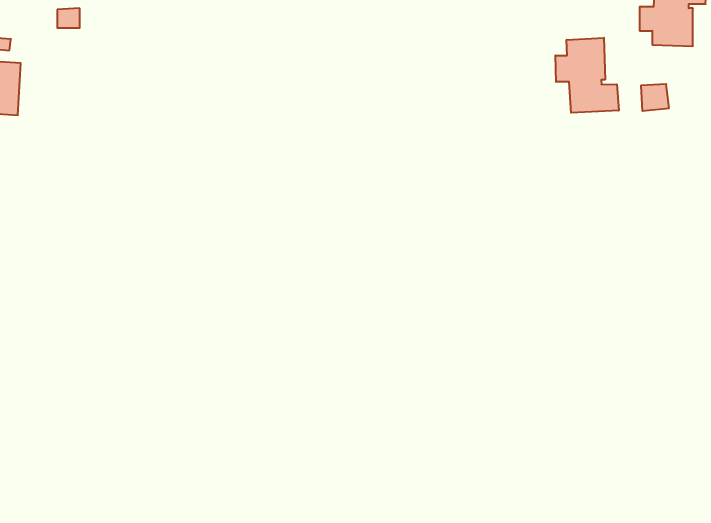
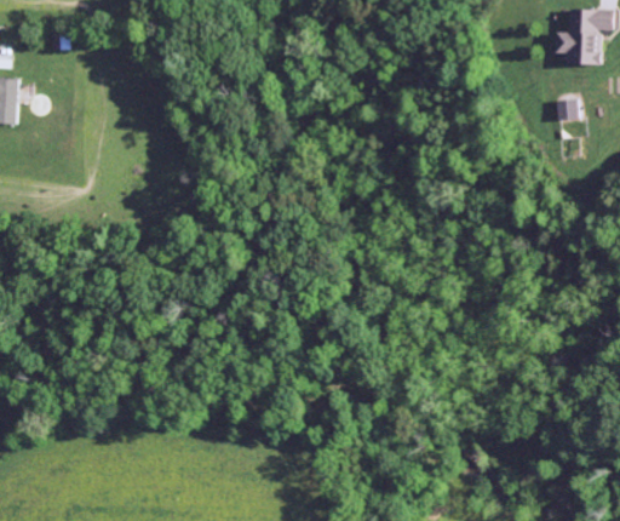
building: [555,38,619,113] -> none

